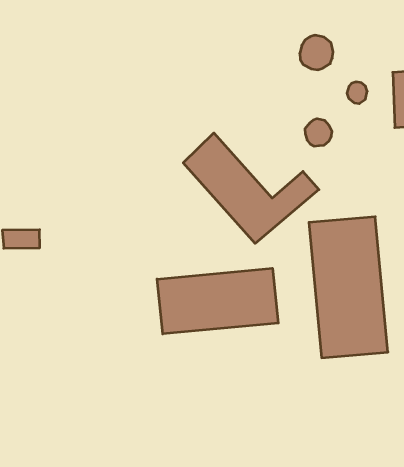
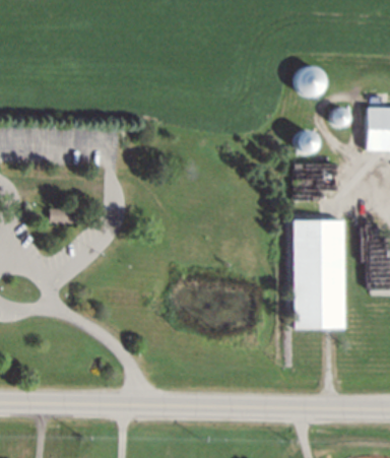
building: [183,133,319,243] -> none
building: [157,268,278,334] -> none

